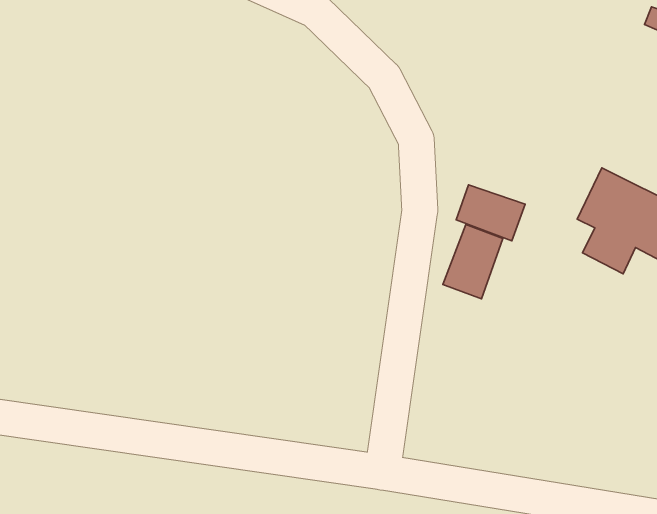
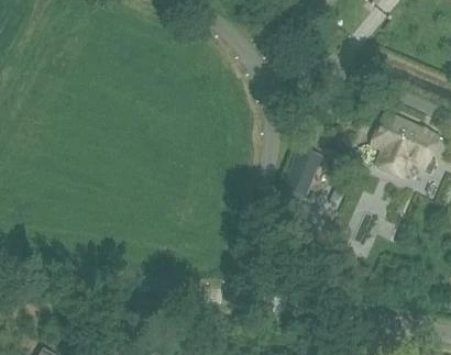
building: [456,185,525,241] -> none

